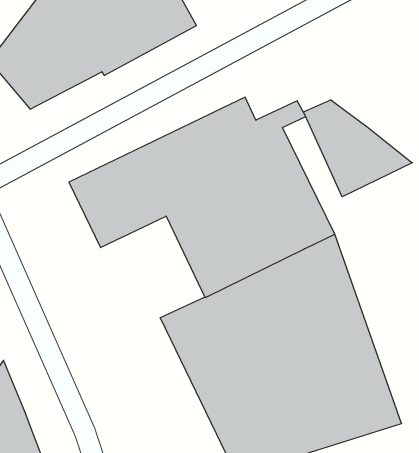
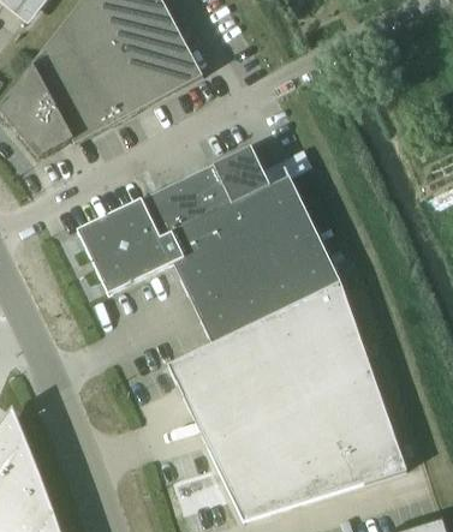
building: [304,100,412,197] -> none

